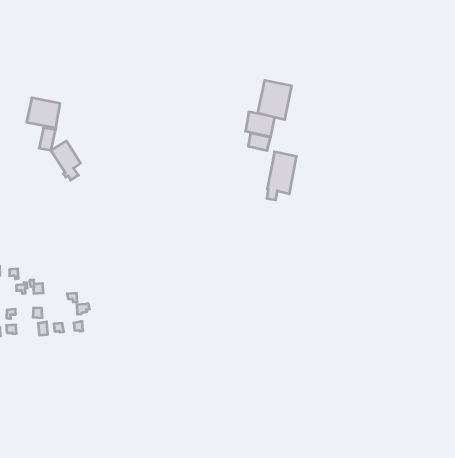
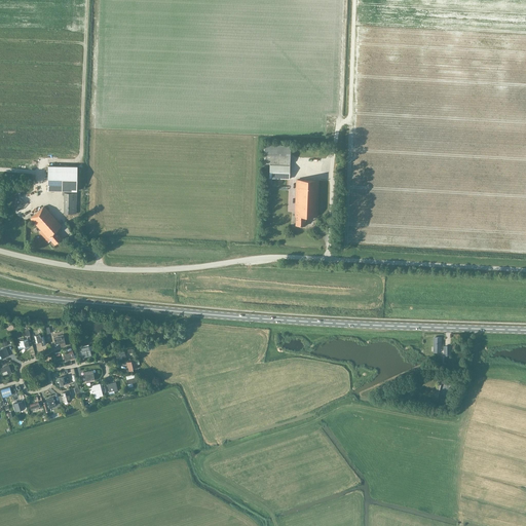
building: [258,80,292,120] -> none
building: [50,141,81,180] -> [29,206,61,245]

